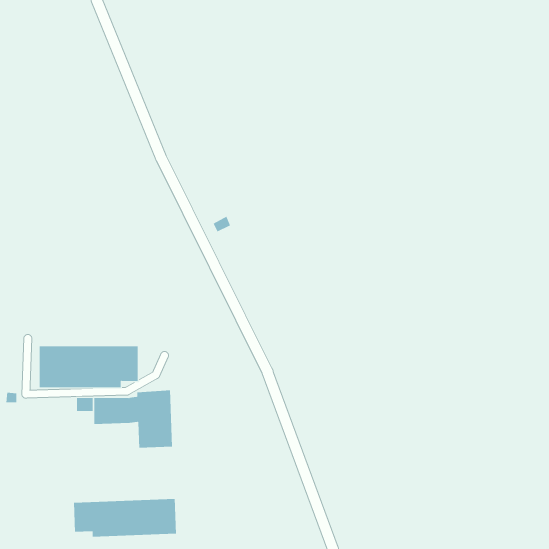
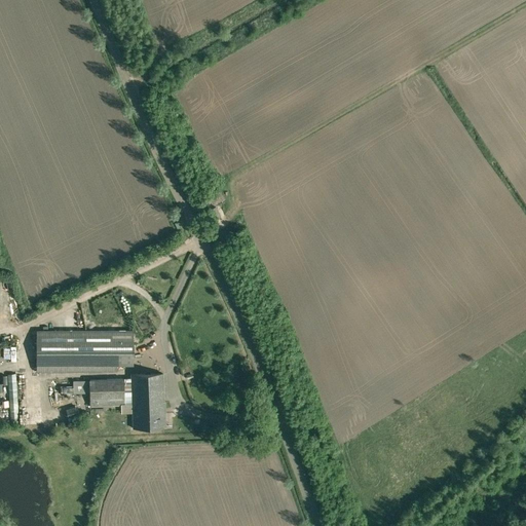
building: [73,498,177,537] -> none

